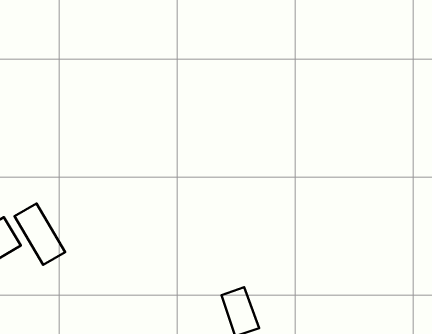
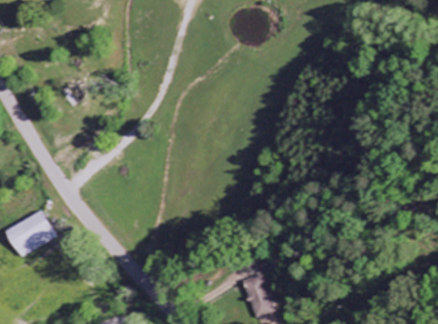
building: [14,204,65,265] -> none

